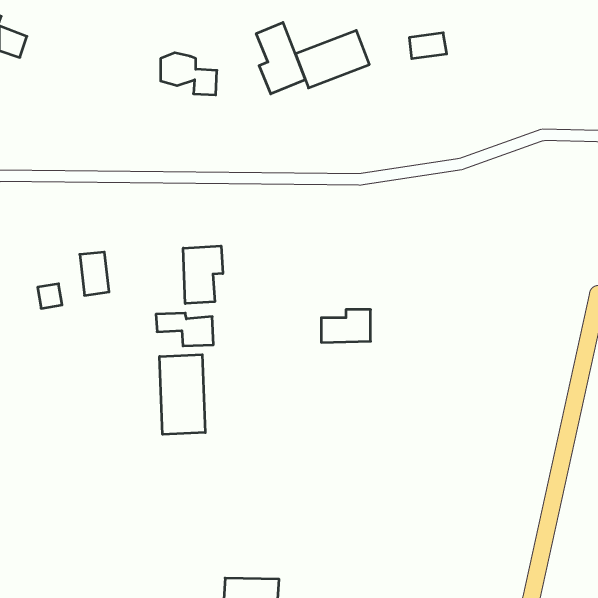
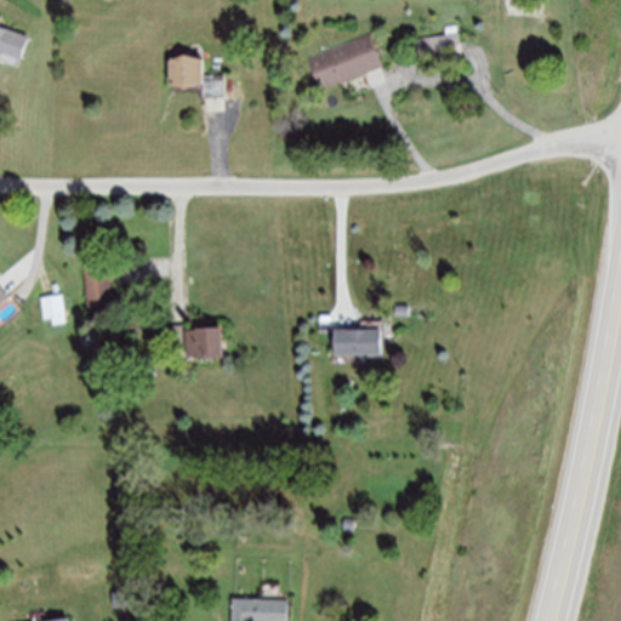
building: [256,22,305,94] -> none
building: [183,246,223,304] -> none
building: [160,355,205,434] -> none

